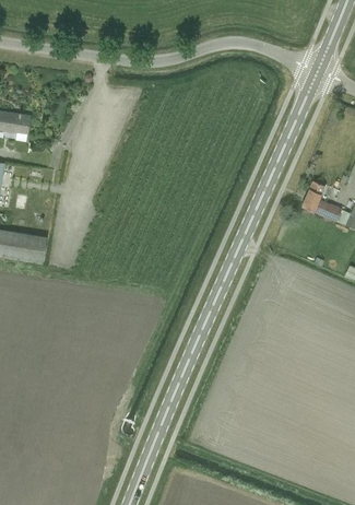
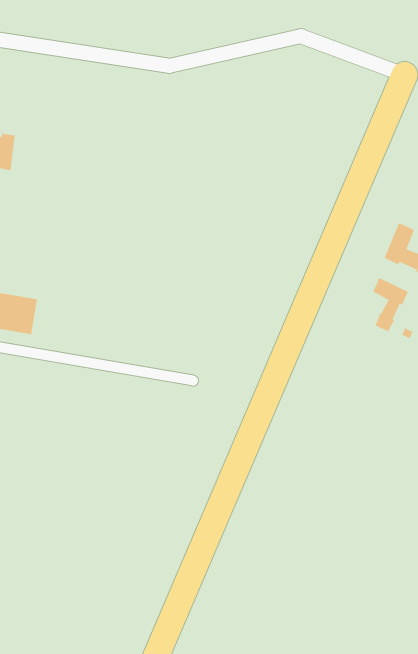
building: none -> [372,277,408,332]

